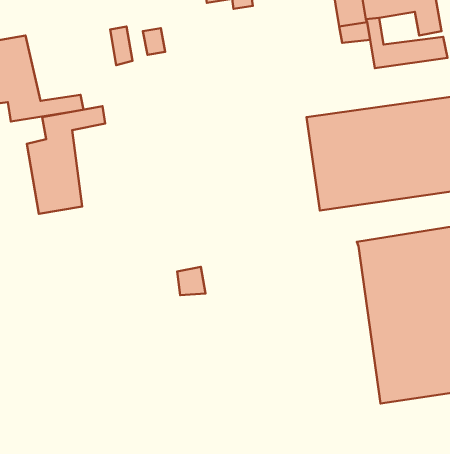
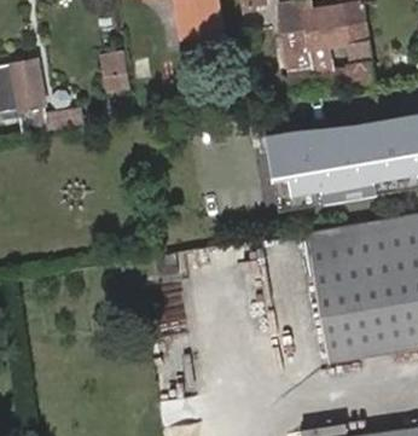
building: [27,106,105,214] -> none

